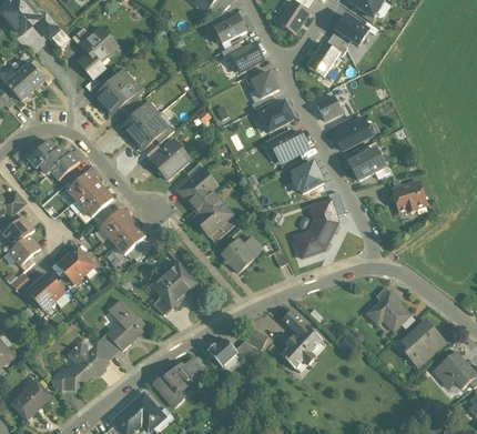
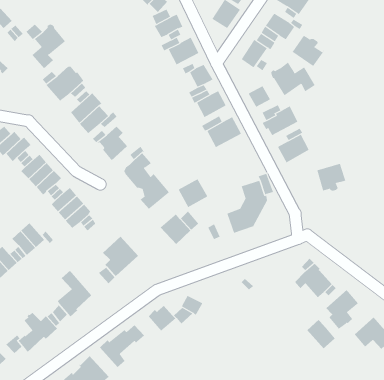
building: none -> [292,35,325,67]
building: none -> [271,62,316,96]
building: [291,161,324,193] -> [178,178,208,208]
building: [276,310,325,367] -> none
building: none -> [306,319,336,349]

